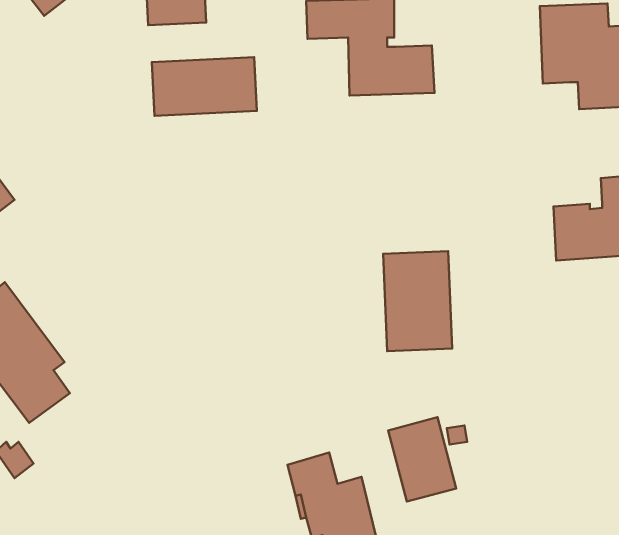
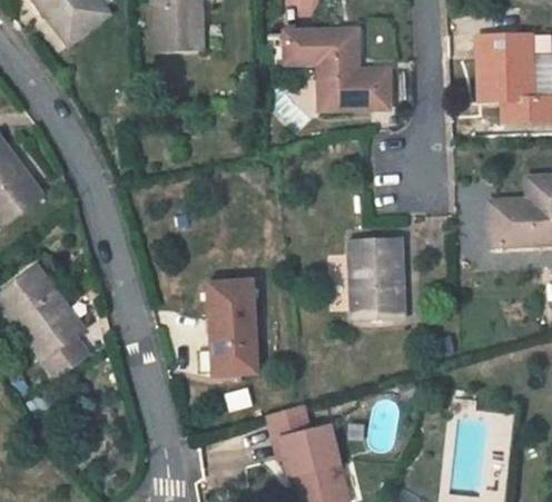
building: [152,57,257,116] -> none
building: none -> [207,278,258,375]
building: [388,417,456,502] -> none

